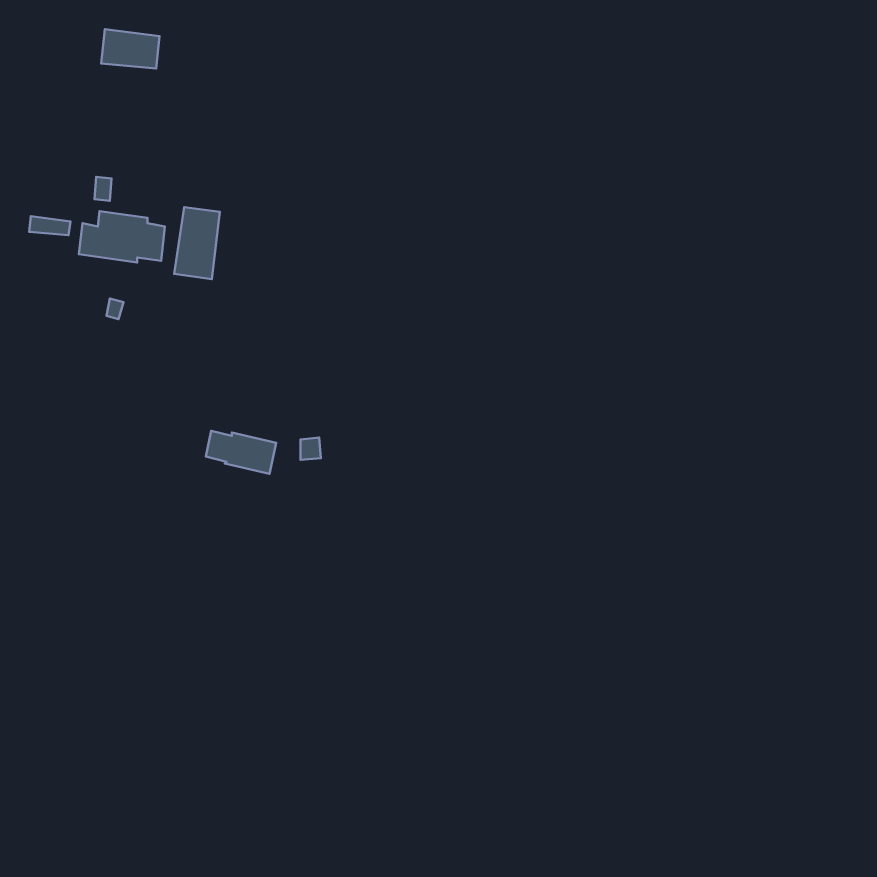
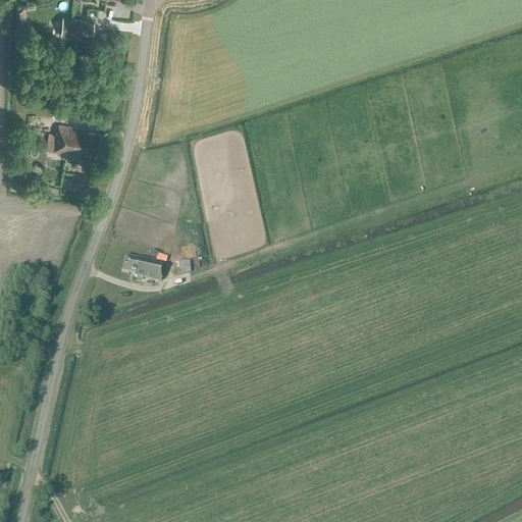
building: [174,207,220,279] -> none

